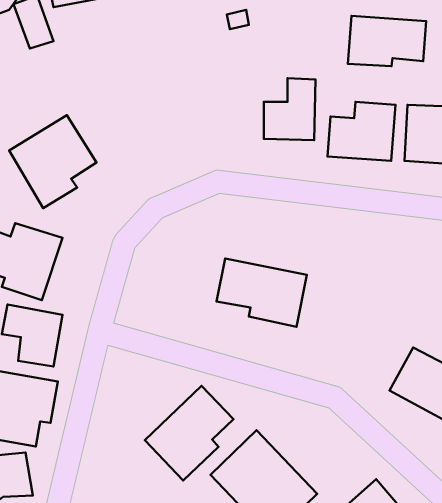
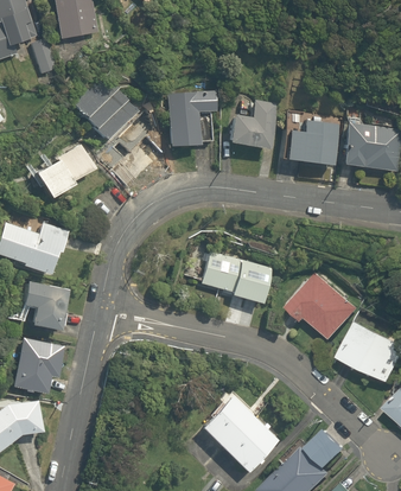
building: [348,16,426,66] -> none
building: none -> [76,79,133,138]
building: none -> [164,85,214,149]
building: none -> [280,263,356,337]
building: [145,386,233,481] -> none

